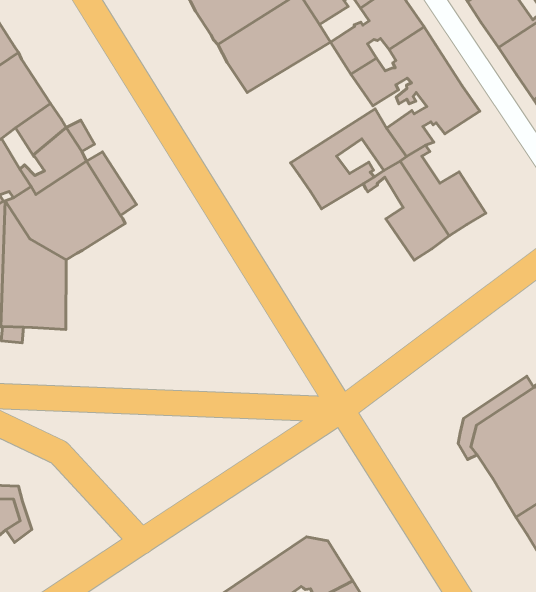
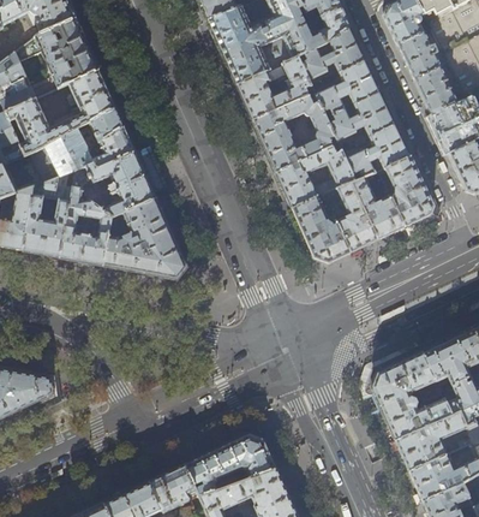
building: none -> [252,94,339,173]
building: none -> [378,156,433,227]
building: none -> [292,195,351,263]
building: none -> [103,198,186,279]

